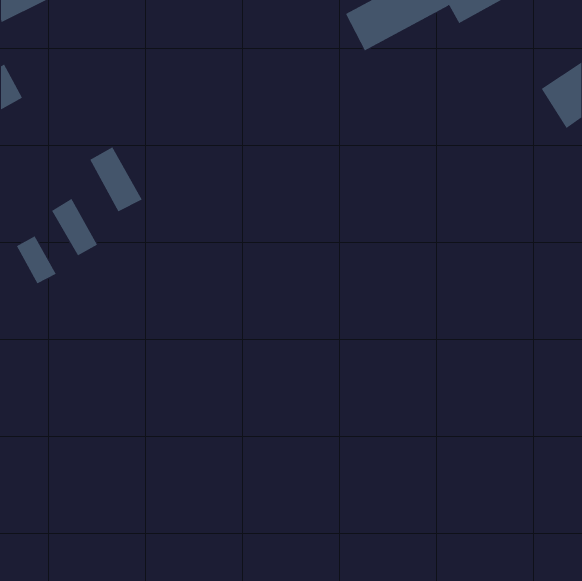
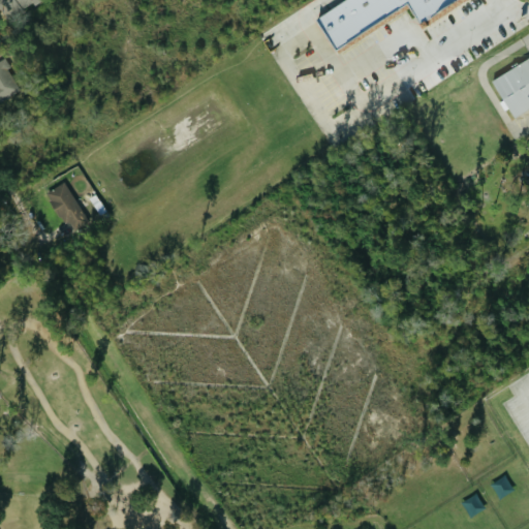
building: [89,147,142,212] -> none
building: [16,235,56,284] -> none

